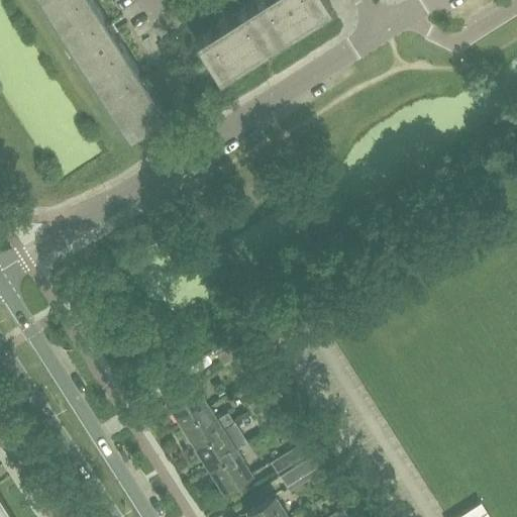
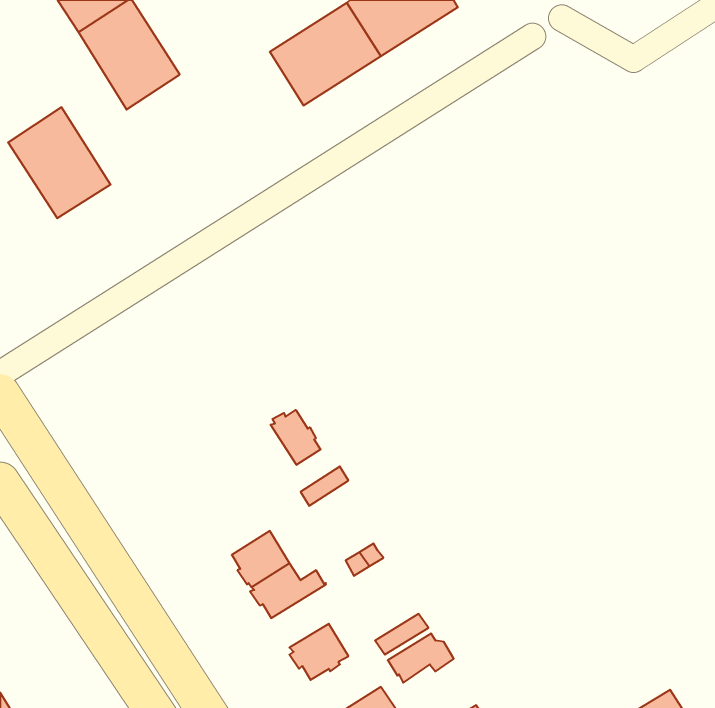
building: [93,61,167,140] -> [8,107,111,218]
building: none -> [271,410,321,465]
building: [196,427,249,473] -> none

